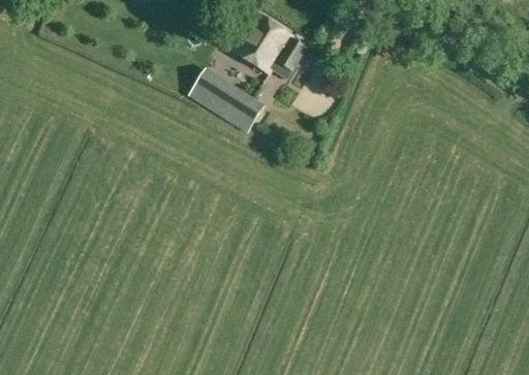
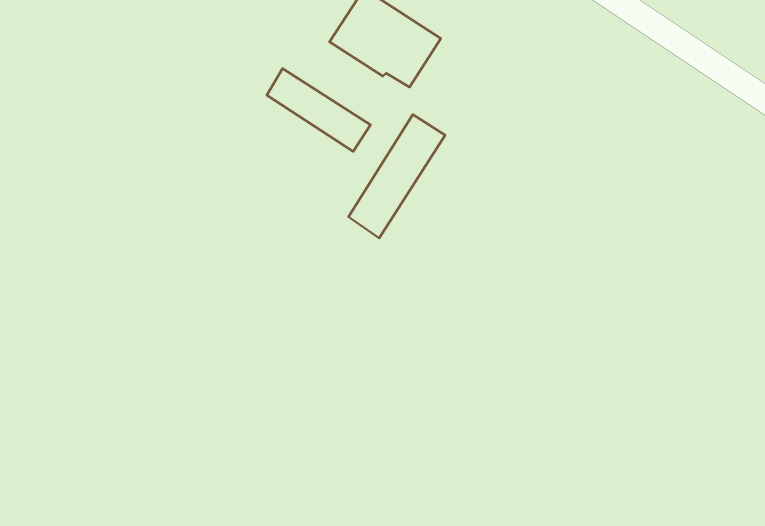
building: none -> [348,114,445,238]

